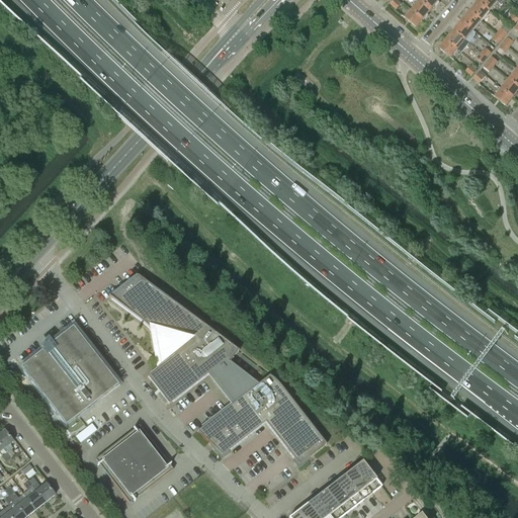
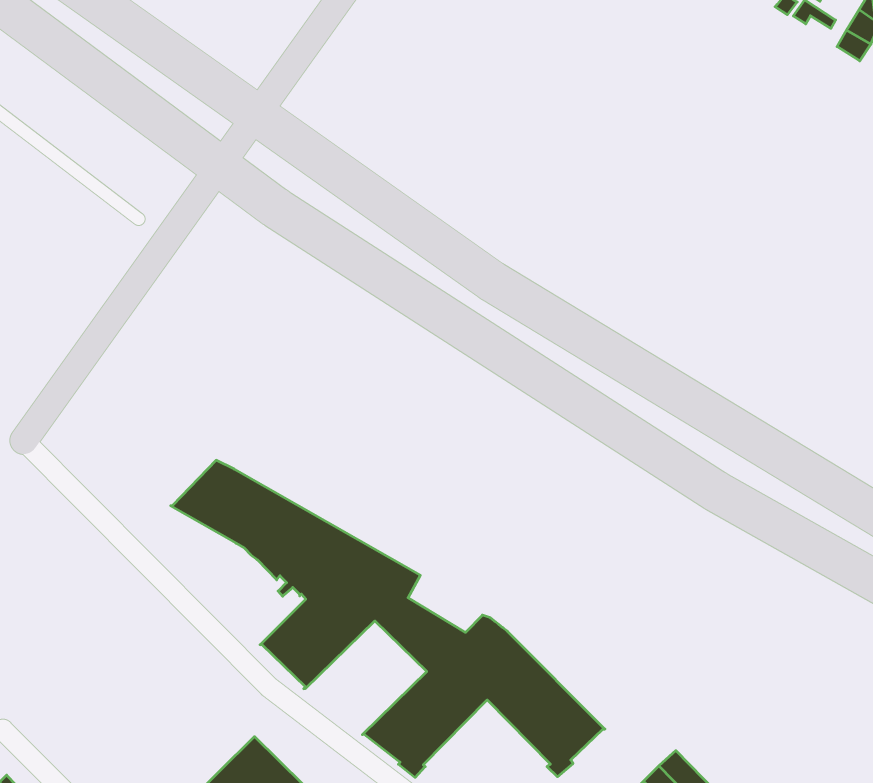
building: [20,324,117,423] -> none

